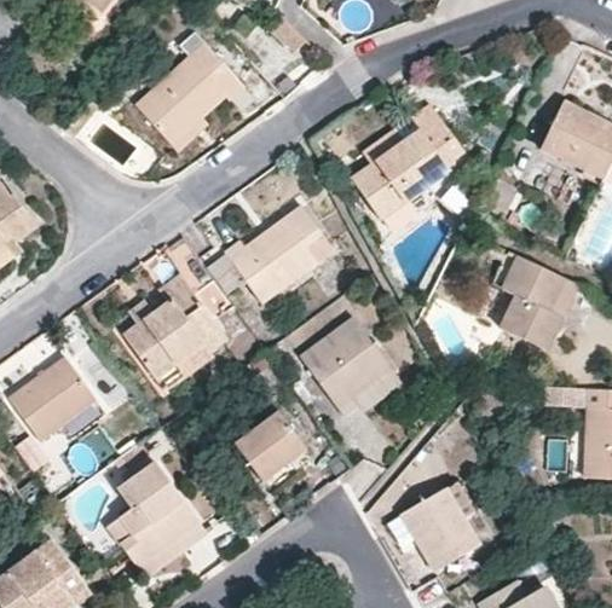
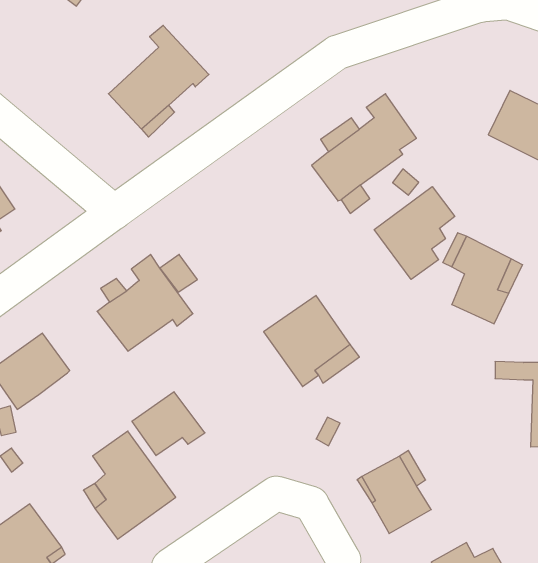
building: none -> [374,187,455,279]
building: [226,207,334,301] -> none
building: [237,412,314,480] -> [132,392,205,456]

